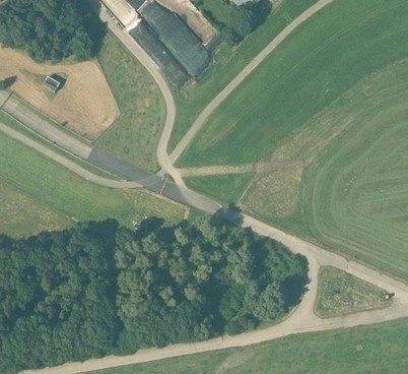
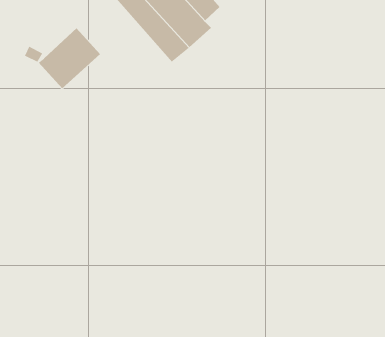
building: none -> [38,27,101,89]

